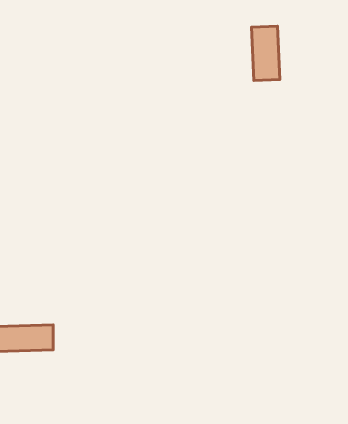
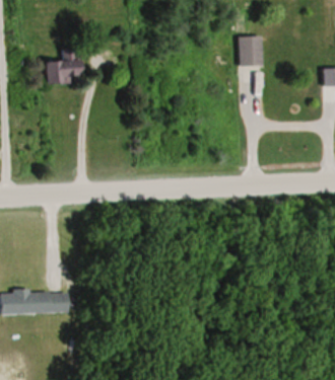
building: none -> [47,49,82,82]

